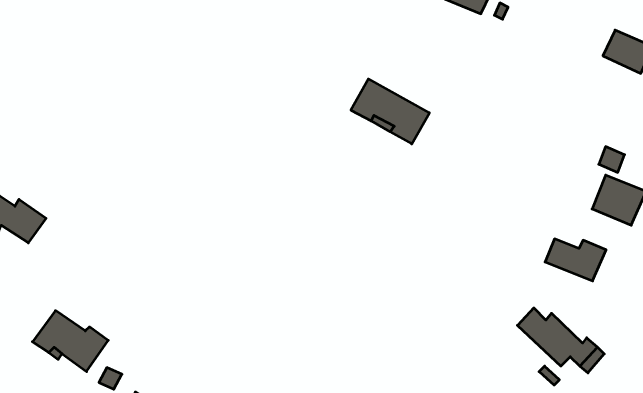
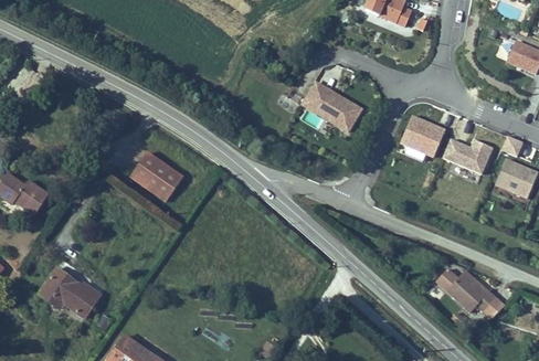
building: none -> [400,115,445,158]
building: none -> [130,152,183,202]
building: [545,239,606,281] -> [442,138,492,172]

